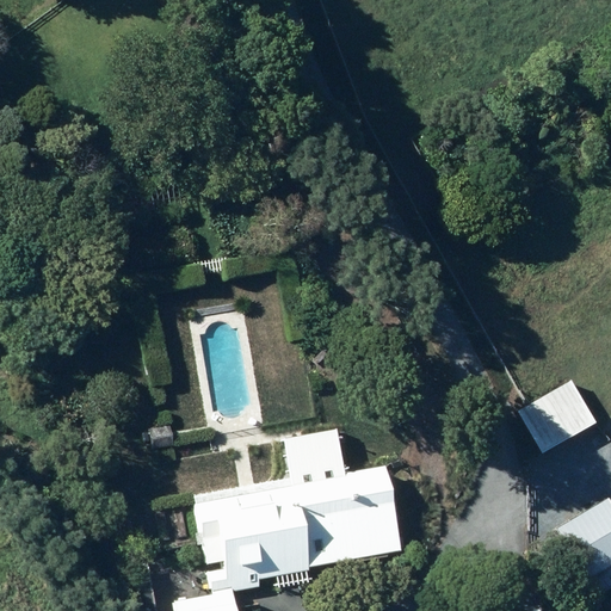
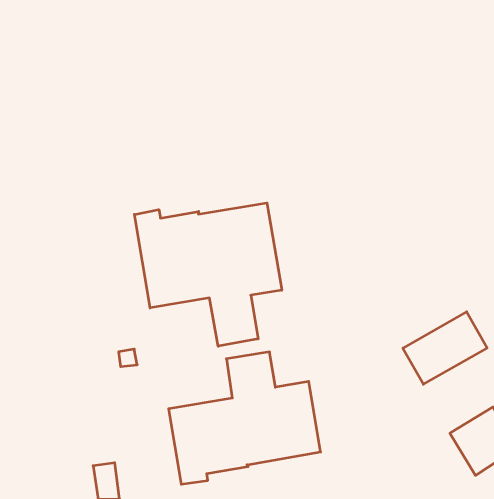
building: none -> [134,203,282,346]

